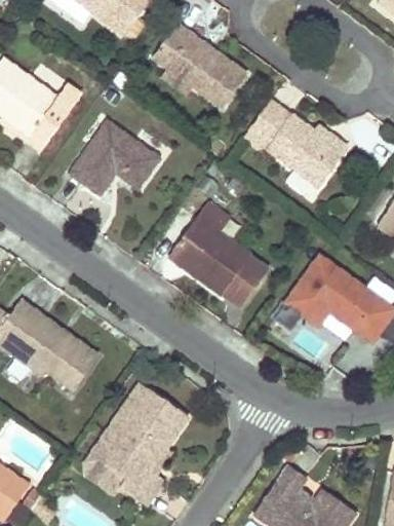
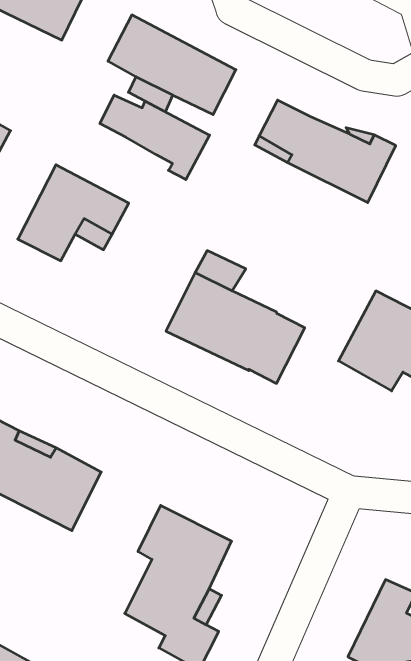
building: none -> [100,95,210,180]
building: [85,414,128,486] -> none

